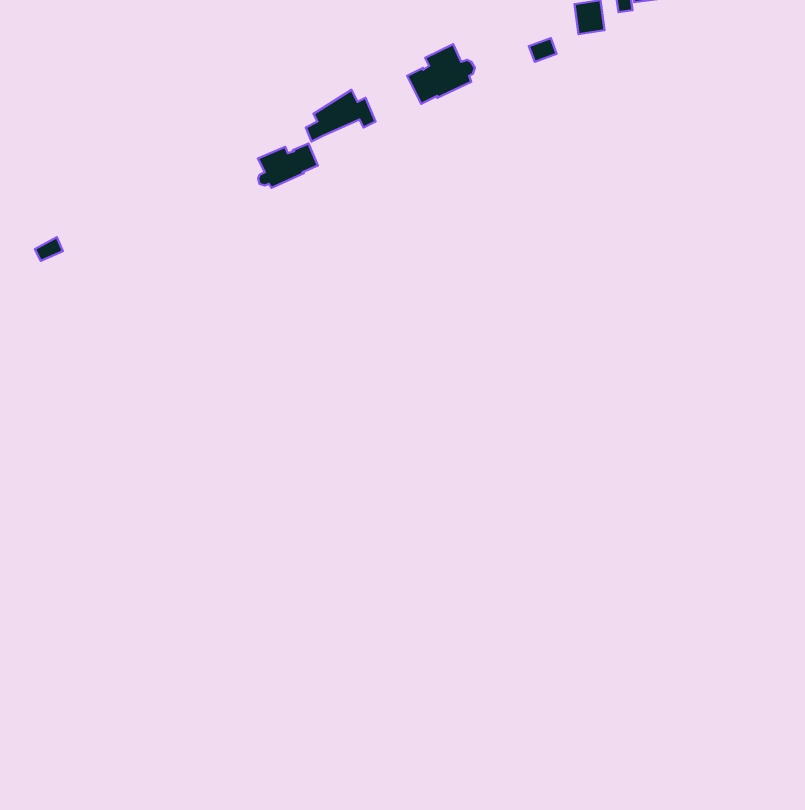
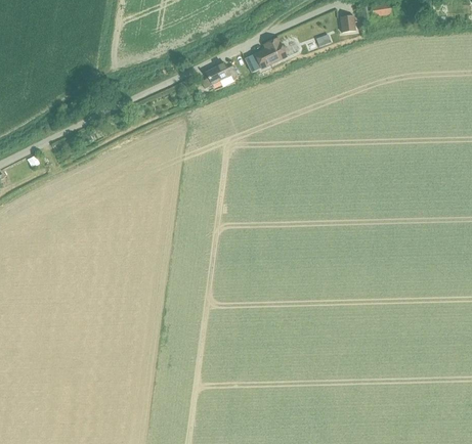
building: [258,144,318,188] -> none

